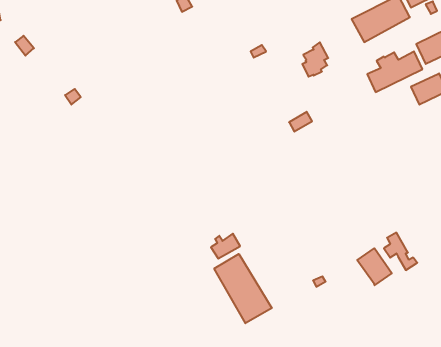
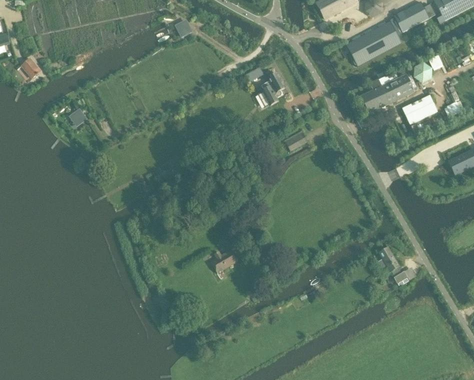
building: [302,42,328,77] -> [259,72,284,105]
building: [357,248,392,285] -> none
building: [214,254,272,323] -> none

